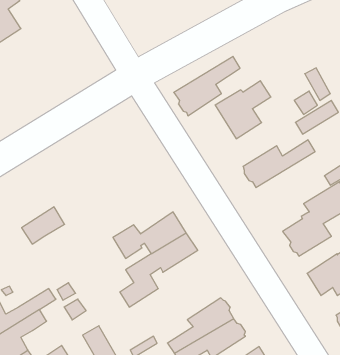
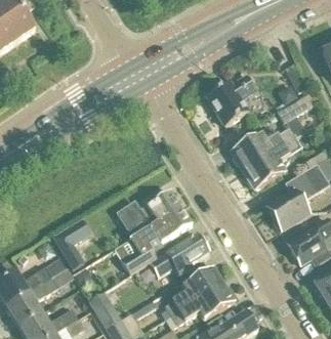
building: [174,56,240,116] -> [243,136,301,188]
building: [22,207,65,244] -> [53,218,91,251]
building: none -> [151,234,209,276]

